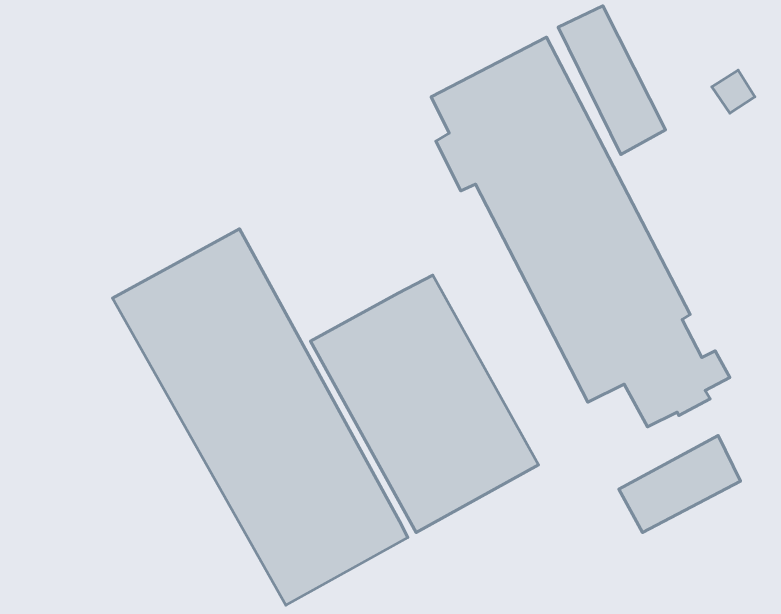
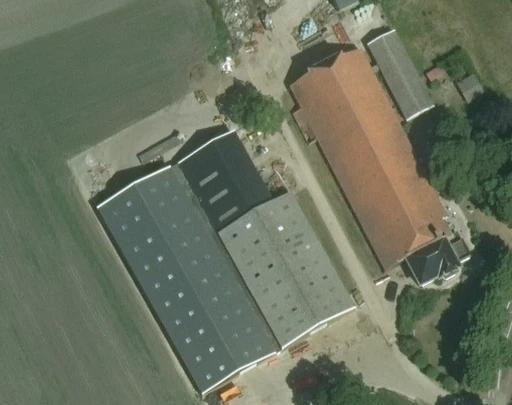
building: none -> [176,128,273,230]
building: [619,436,740,532] -> none

